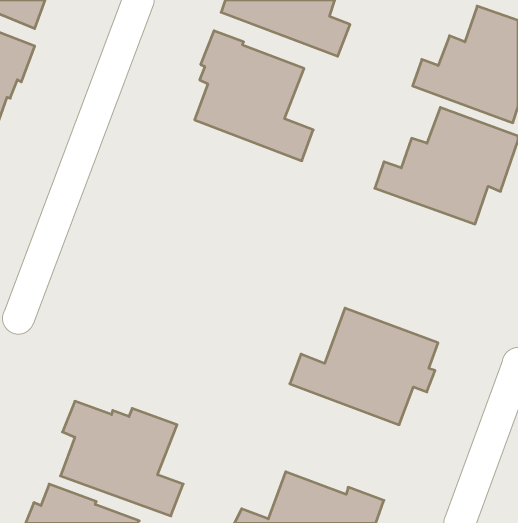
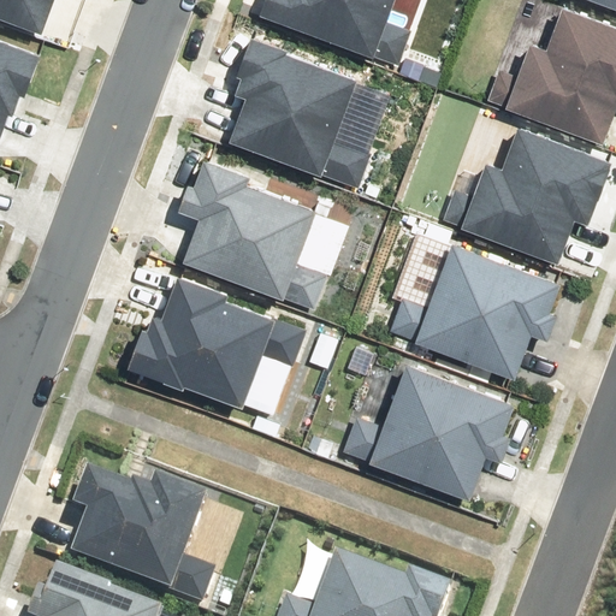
building: none -> [178,159,325,310]
building: none -> [386,243,562,378]
building: none -> [128,276,304,408]

